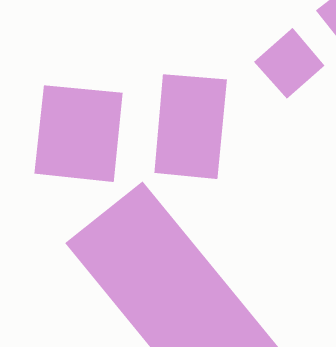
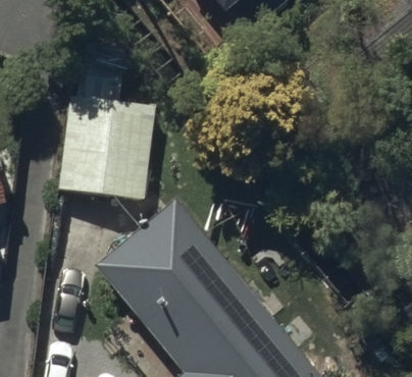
building: [154,74,228,180] -> none

